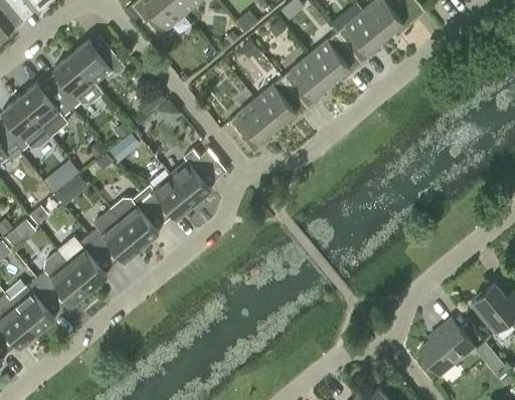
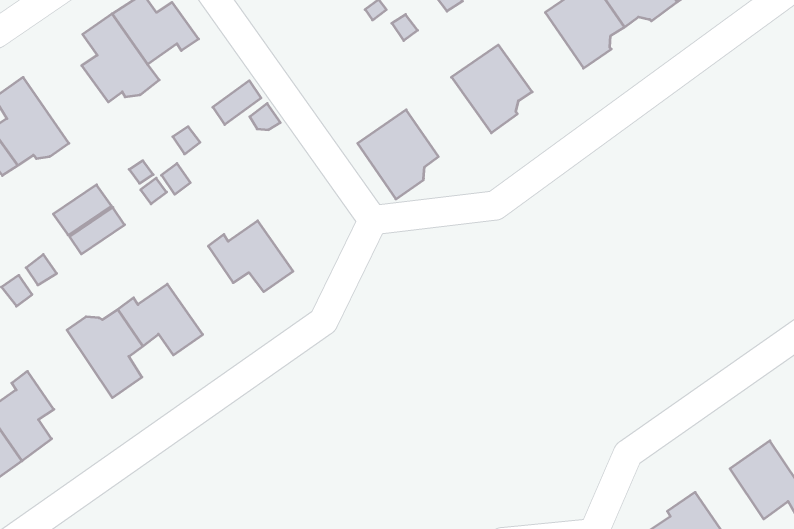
building: [308,33,361,82] -> none
building: [254,77,308,127] -> none
building: [18,84,71,137] -> none
building: [169,150,218,204] -> none
building: [109,193,158,247] -> none
building: [35,251,89,305] -> none

